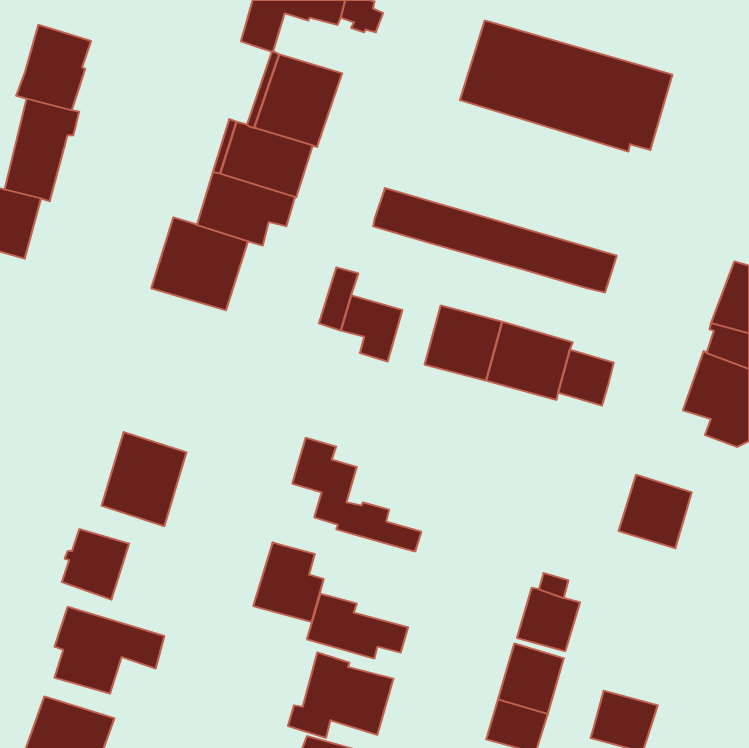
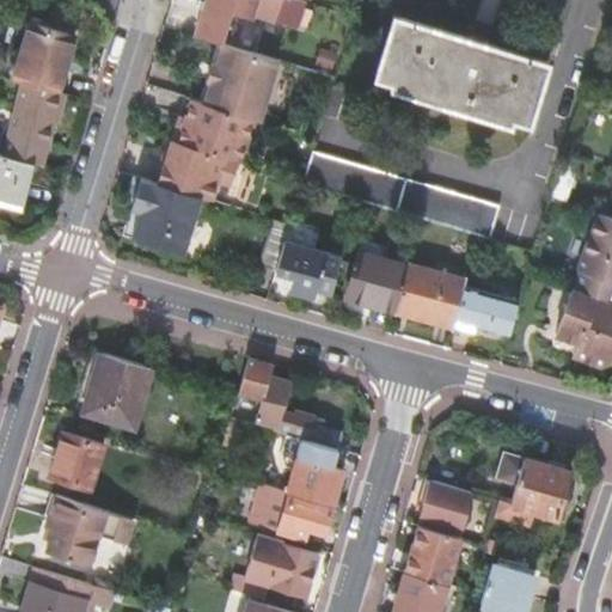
building: [618,475,692,548] -> [509,458,569,518]
building: [253,542,324,622] -> [287,441,344,506]

